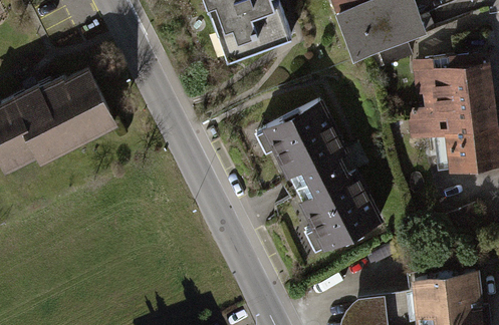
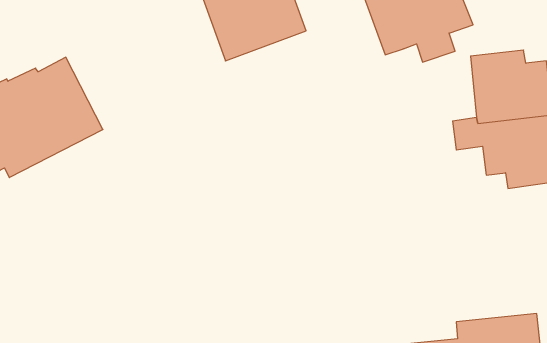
building: [262,112,381,257] -> none

